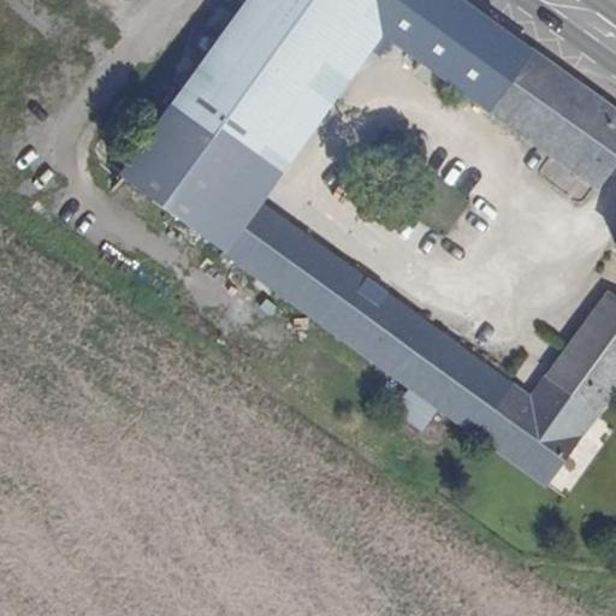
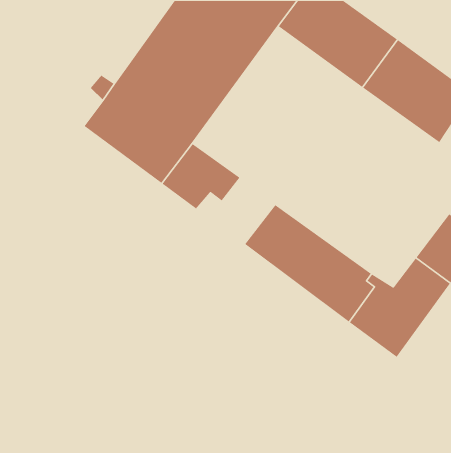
building: [270,242,377,332] -> none

